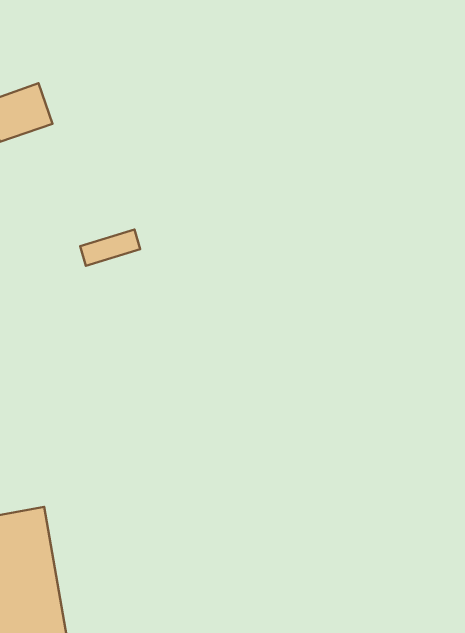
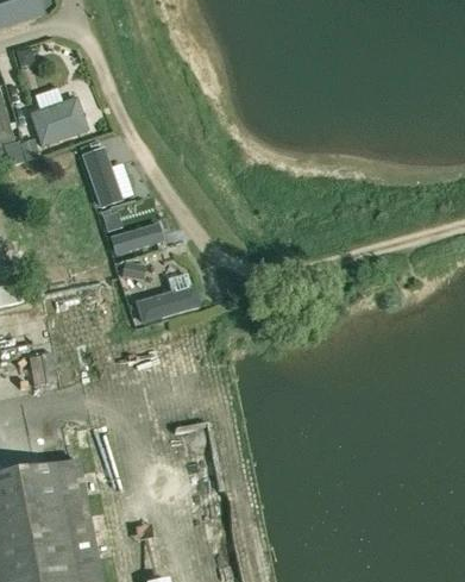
building: none -> [82,146,122,207]
building: none -> [138,274,199,324]

